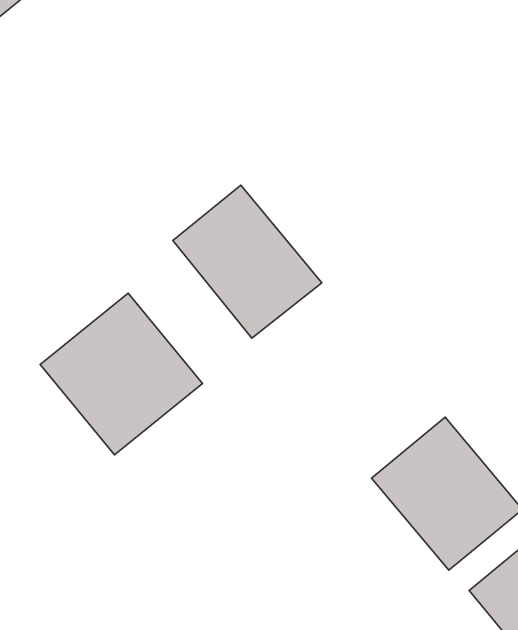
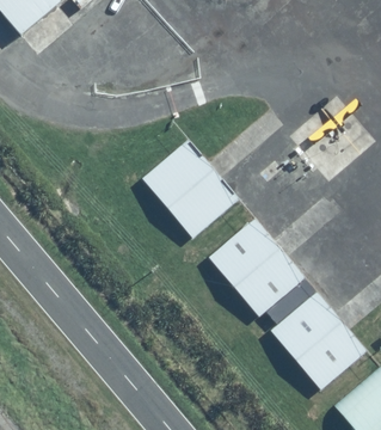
building: [40,293,203,455] -> none
building: none -> [208,215,306,317]

